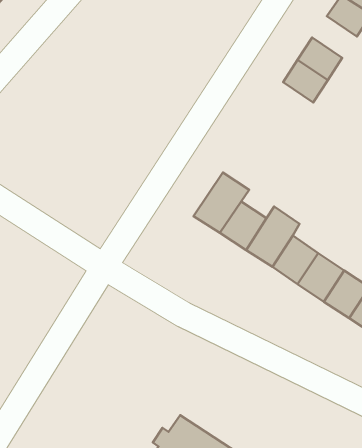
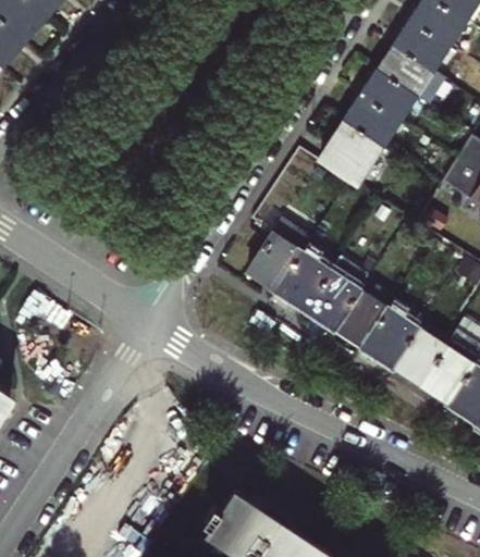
building: none -> [381,47,431,94]
building: none -> [320,121,382,184]

